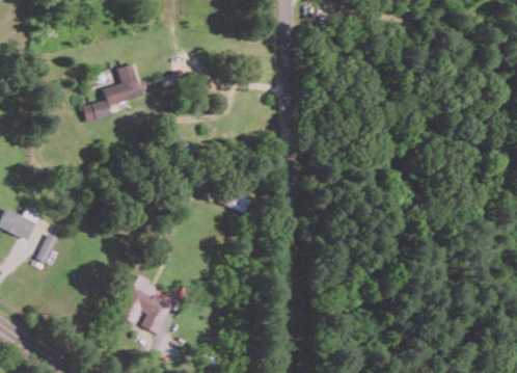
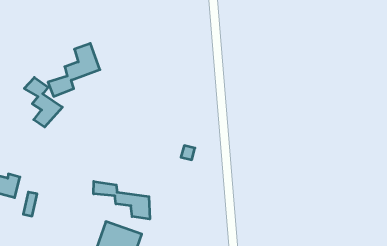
building: none -> [24,77,62,127]
building: none -> [94,181,150,219]

